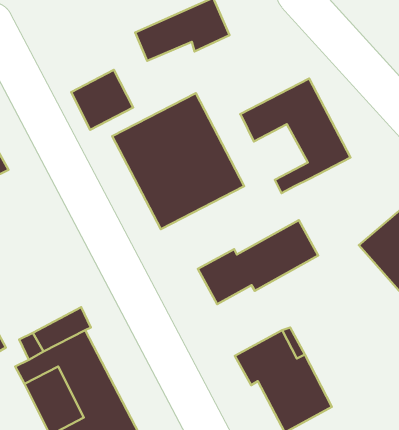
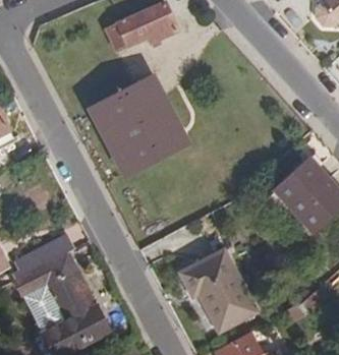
building: [71,70,133,130] -> none
building: [240,78,350,193] -> none
building: [198,220,318,304] -> none

